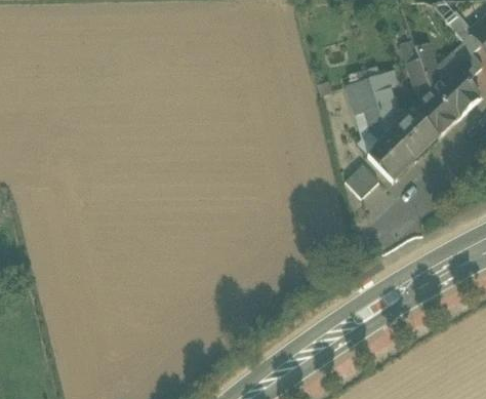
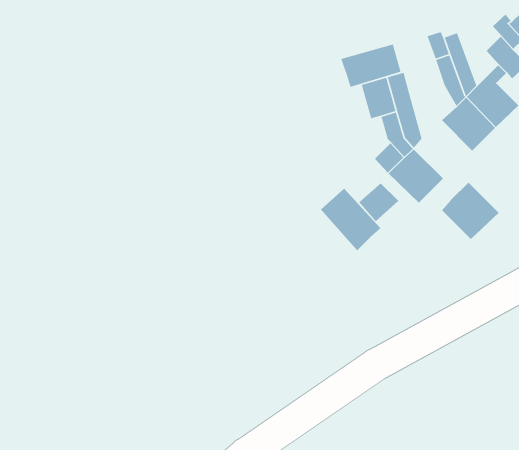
building: none -> [340,43,402,88]
building: [391,112,439,160] -> [441,182,499,240]
building: none -> [320,188,381,251]

